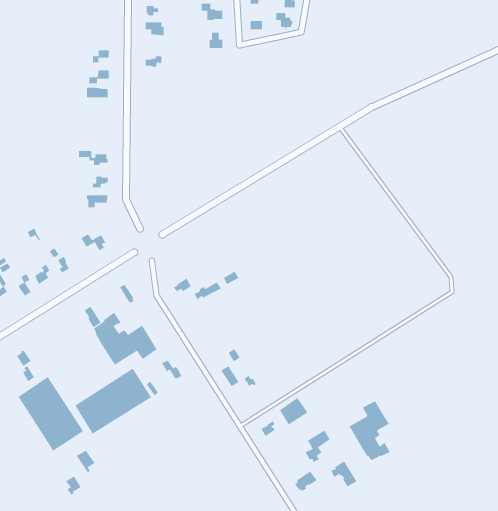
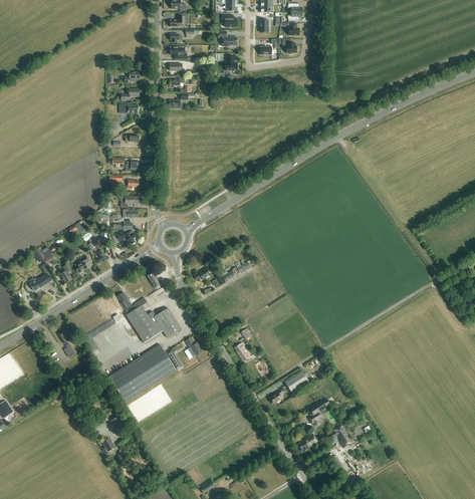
building: [18,376,84,451] -> none
building: [349,400,391,461] -> none

